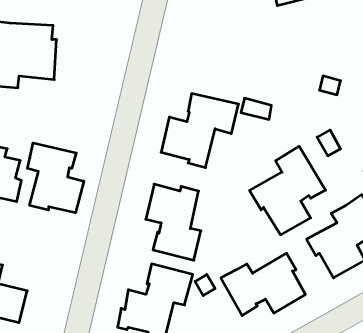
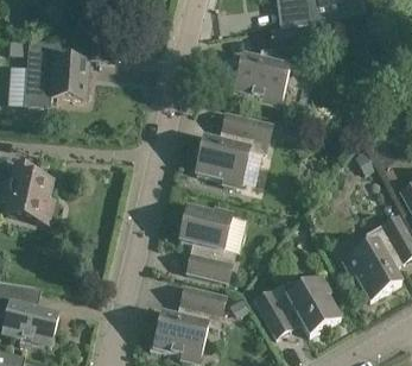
building: none -> [232,25,312,106]
building: [27,143,84,213] -> none
building: [250,146,326,235] -> none

